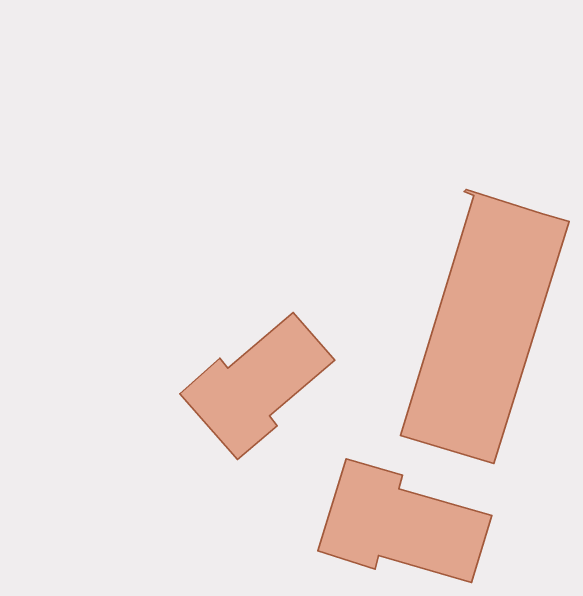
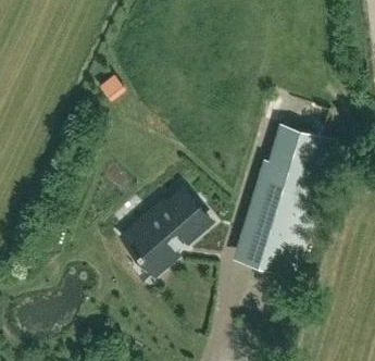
building: [318,459,492,582] -> none

